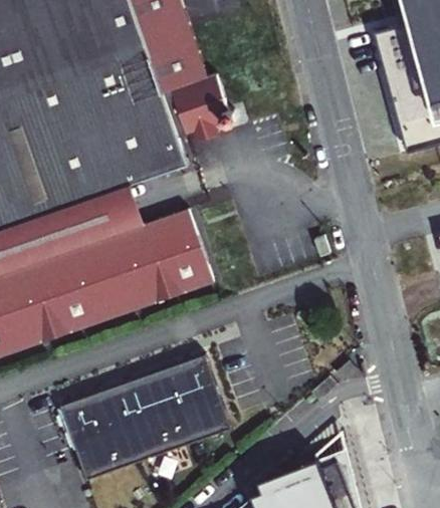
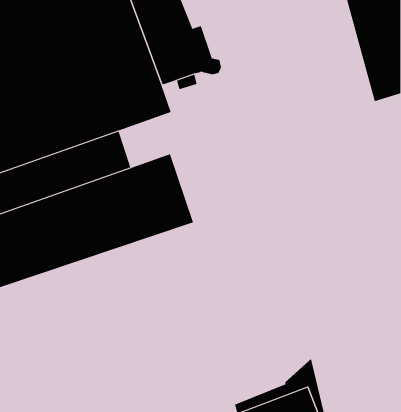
building: [62,354,230,480] -> none

